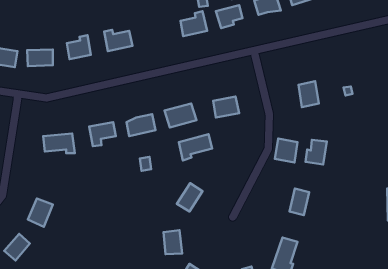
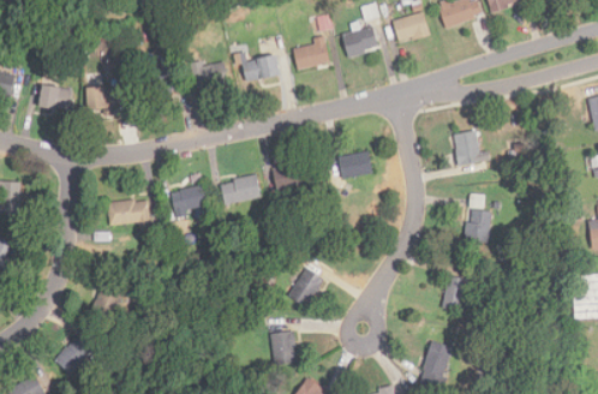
building: none -> [243,55,280,80]
building: [179,134,212,161] -> none
building: [275,138,298,163] -> none

